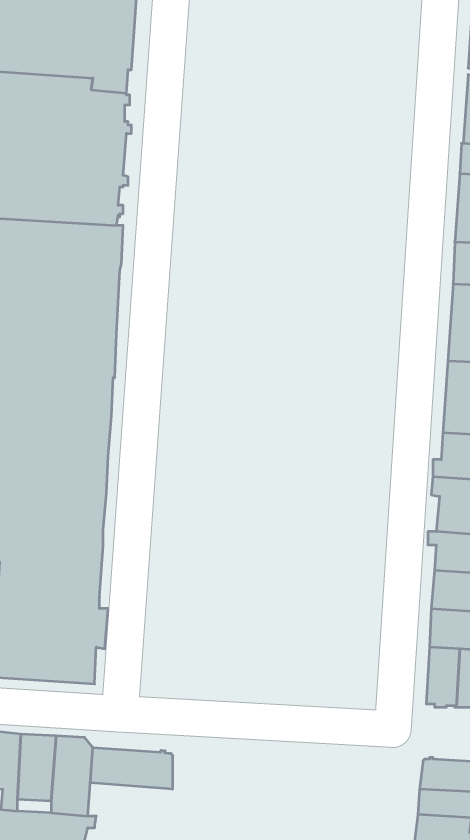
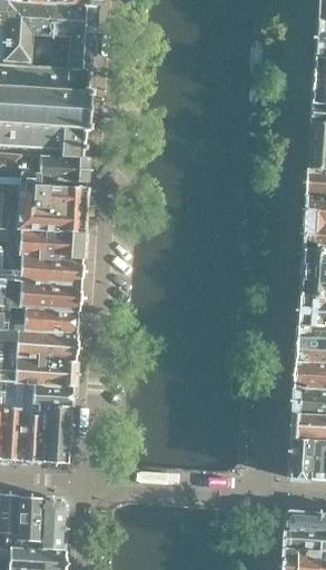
building: [90,748,173,789] -> none

